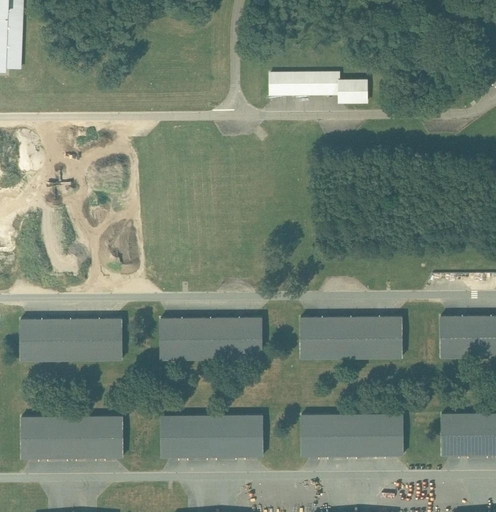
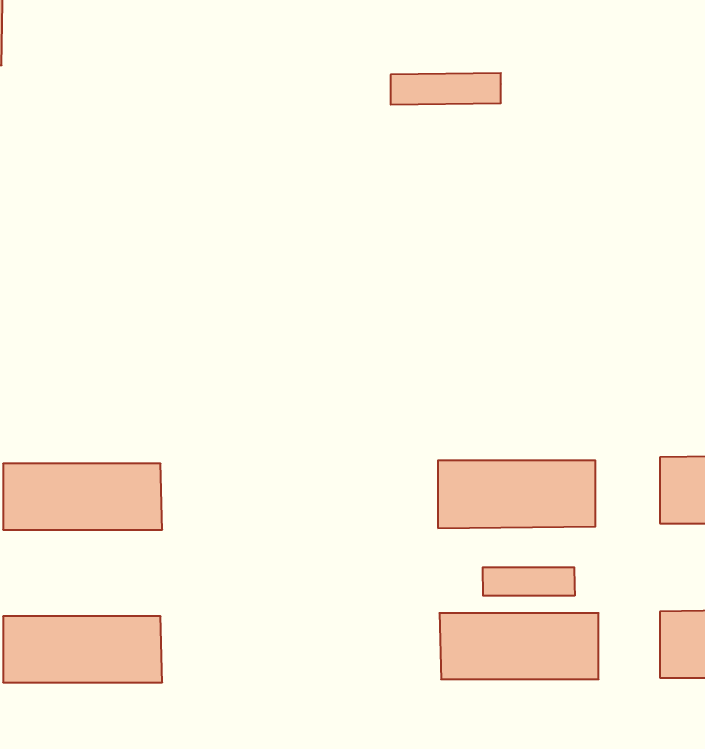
building: [339,78,367,100] -> none
building: [161,316,261,359] -> none
building: none -> [483,567,575,596]
building: [163,416,263,458] -> none

